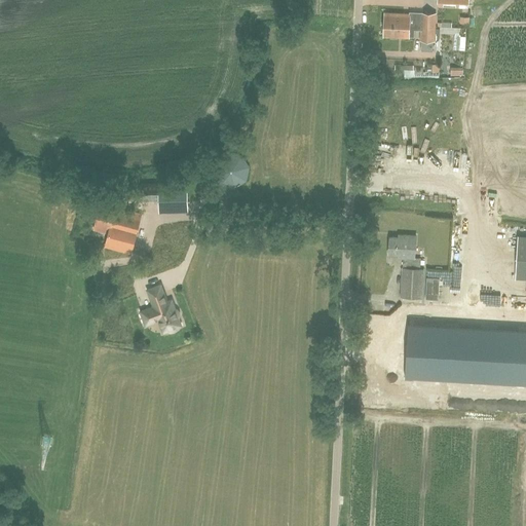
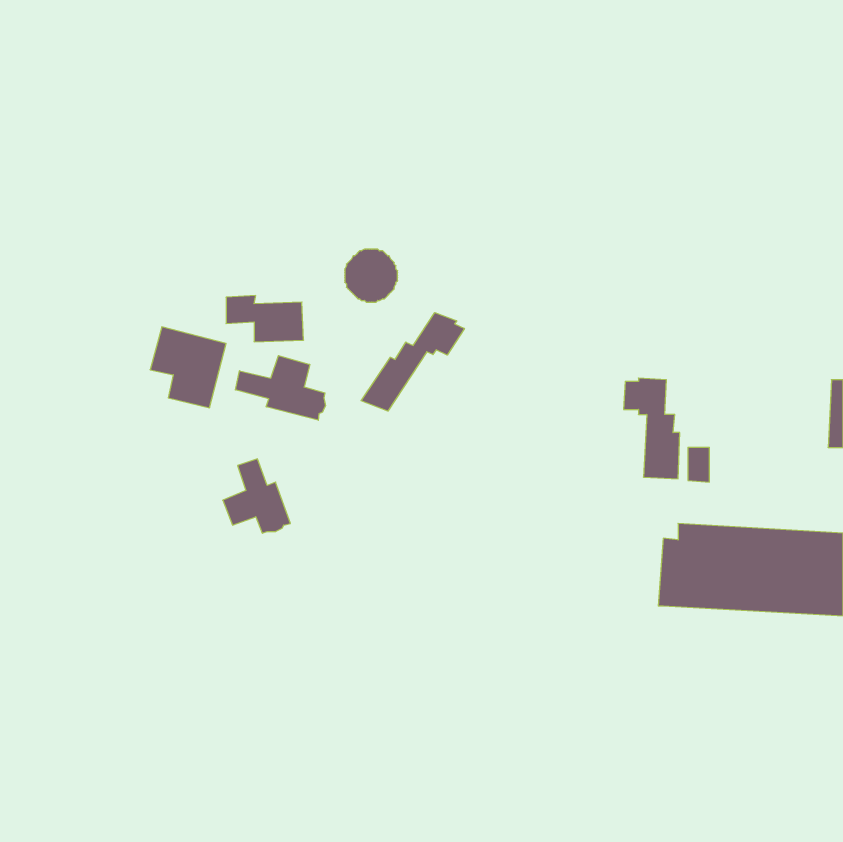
building: [383,13,435,42] -> none
building: none -> [361,313,464,411]
building: none -> [235,356,325,420]

